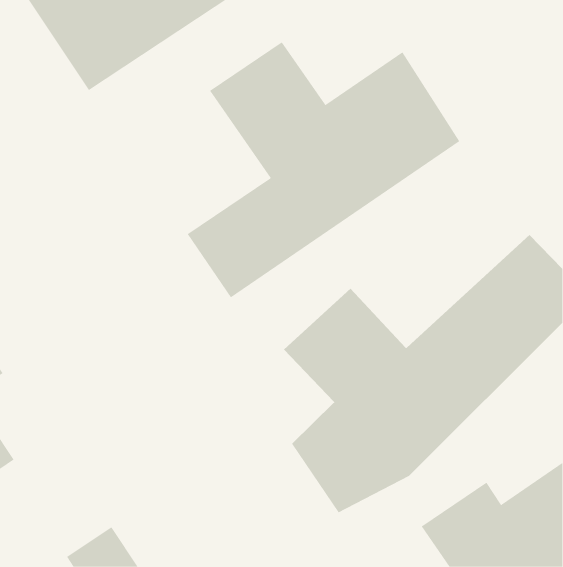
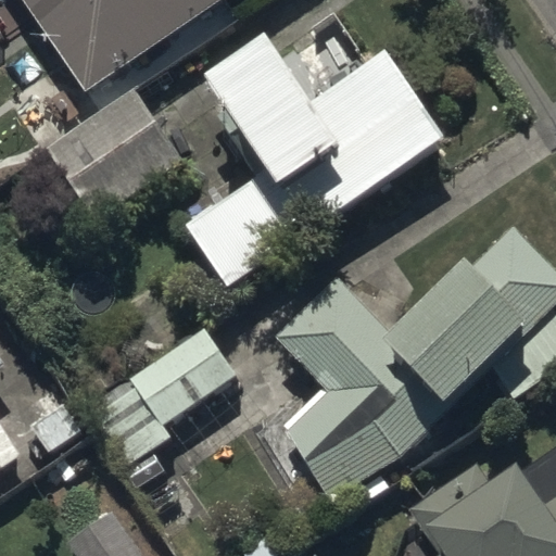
building: none -> [45,91,178,219]
building: none -> [89,325,235,467]

